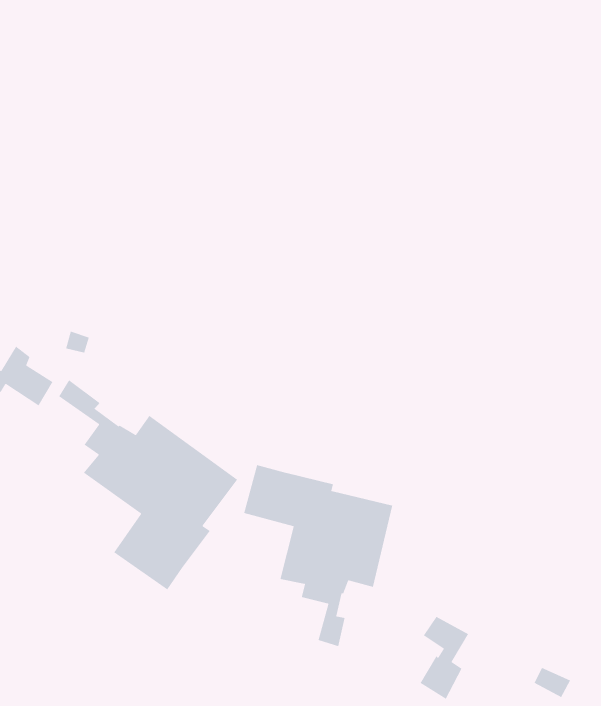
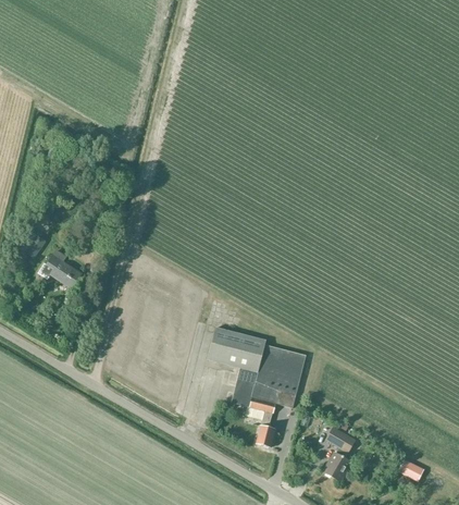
building: [58,379,238,591] -> none

